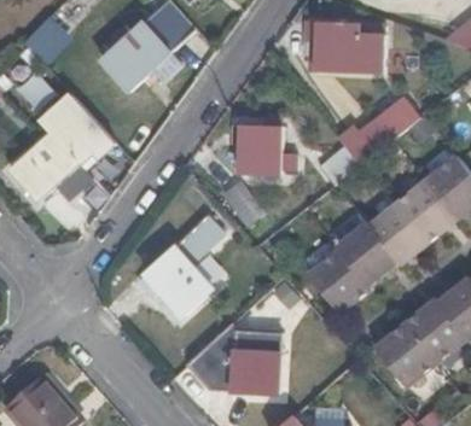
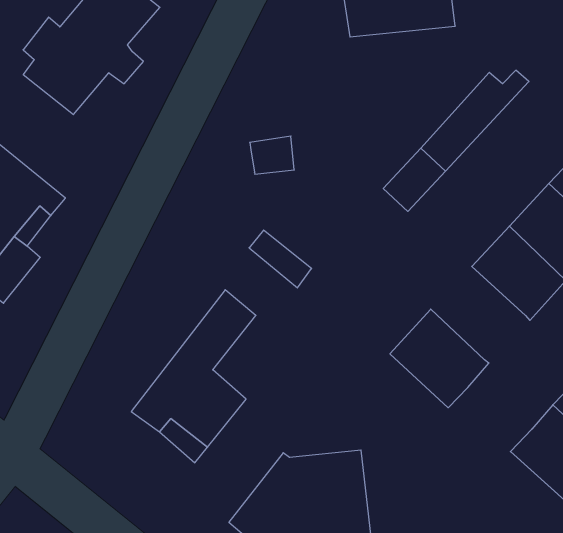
building: [237,126,278,174] -> none
building: [333,222,395,286] -> none

